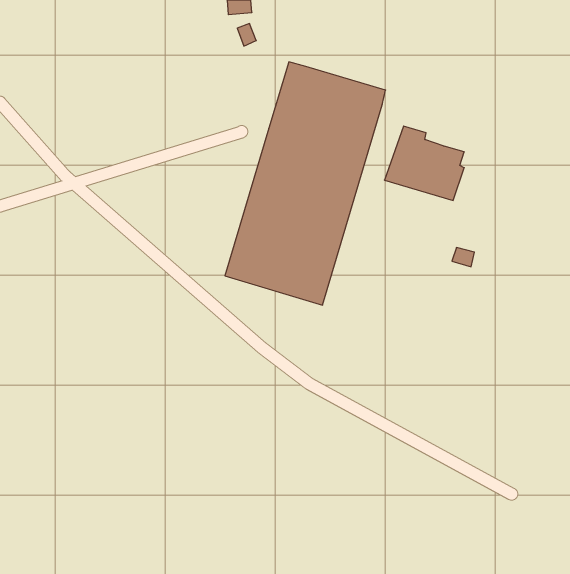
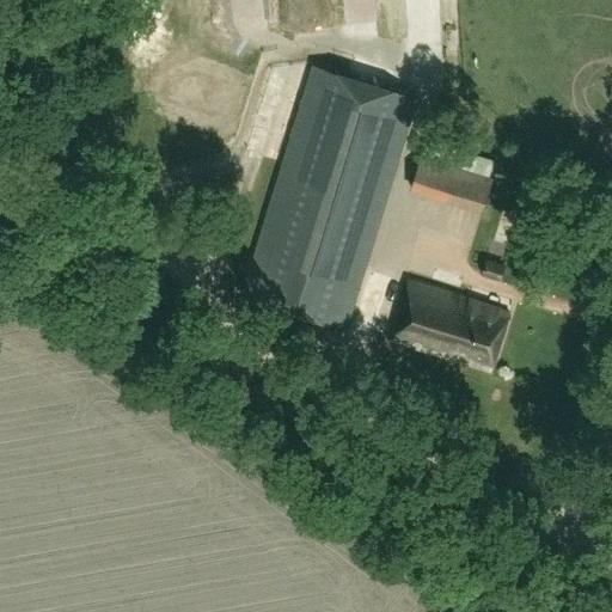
building: none -> [394,282,512,374]

